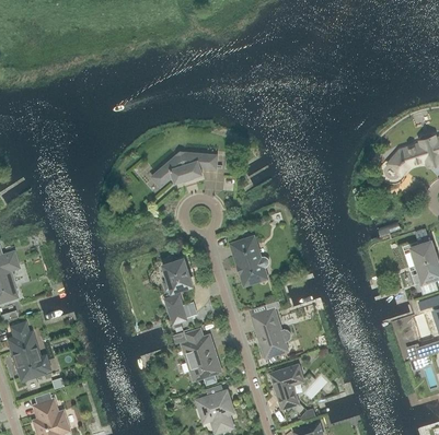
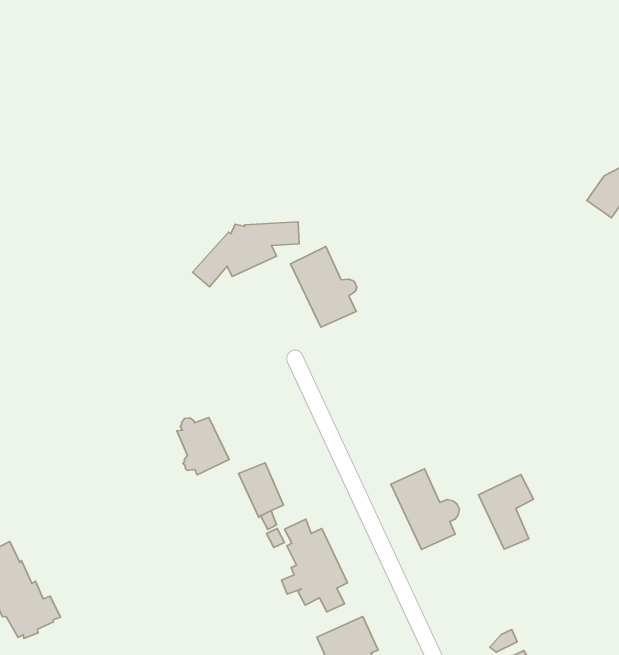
building: [232,237,269,284] -> [291,246,357,327]
building: [164,258,193,292] -> [177,417,229,475]
building: [272,365,303,408] -> [479,474,533,549]

